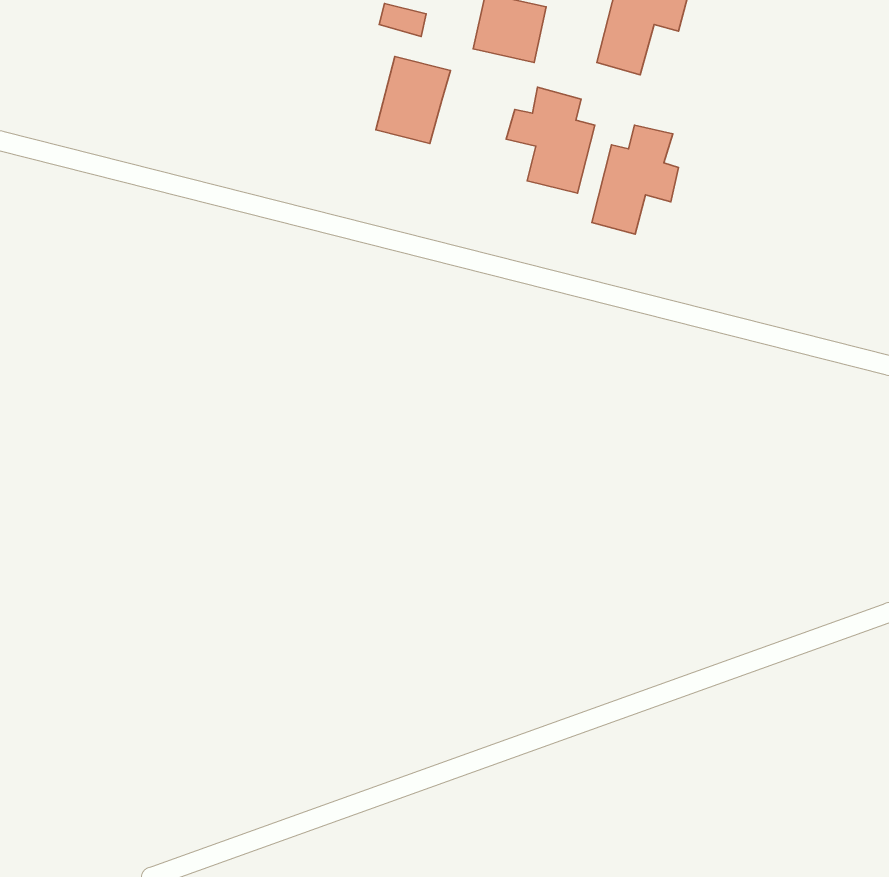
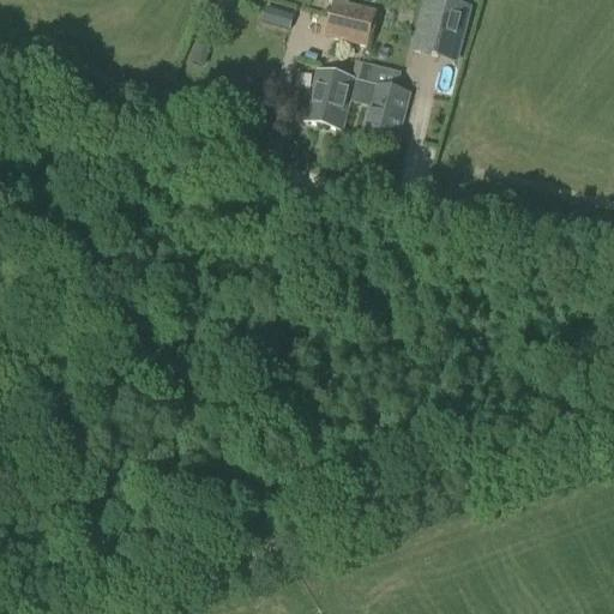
building: [376,57,451,144] -> [303,66,355,126]
building: [592,125,679,234] -> none

